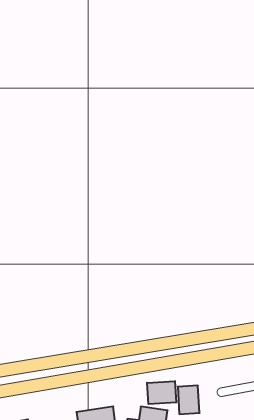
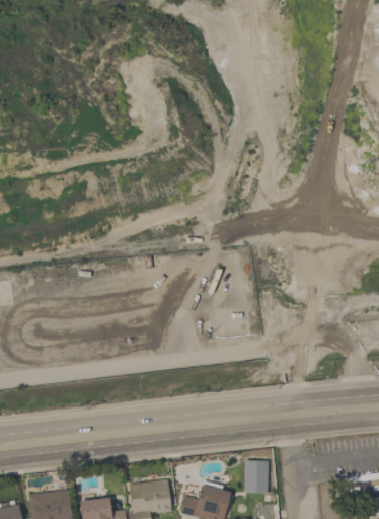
building: [147,381,176,404] -> none

